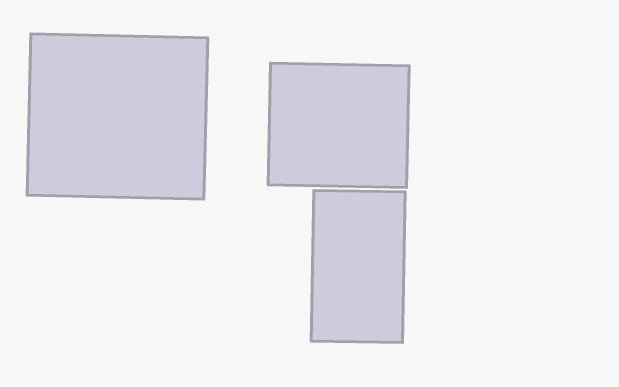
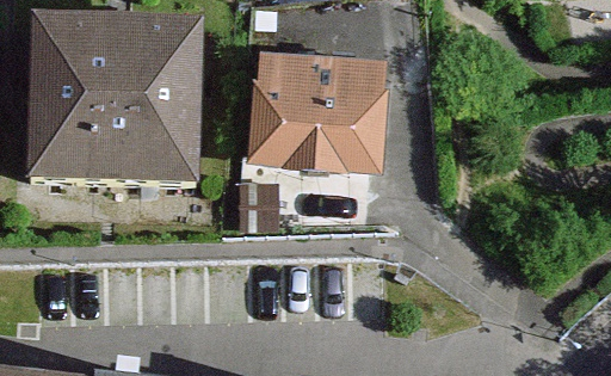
building: [311,190,405,343] -> none

